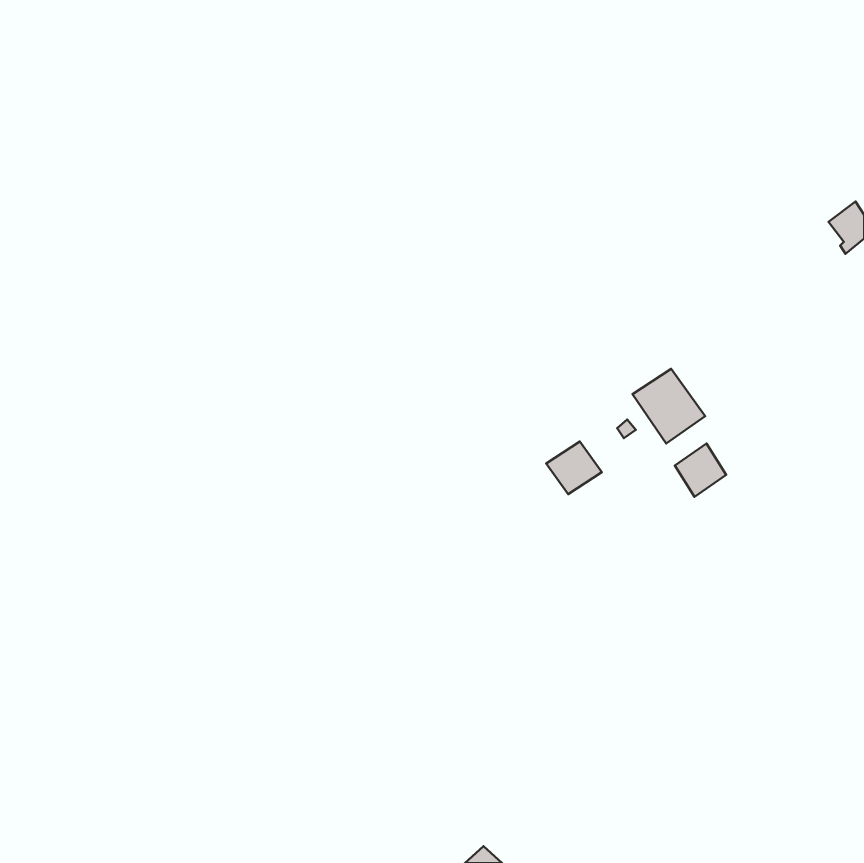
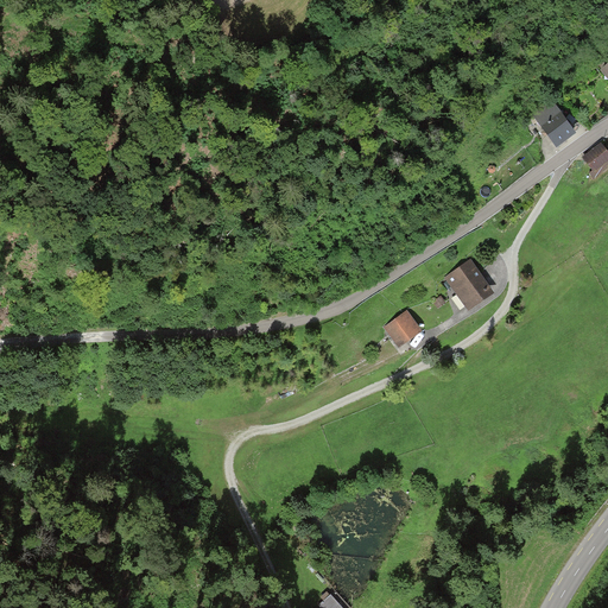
building: none -> [530,96,577,147]
building: [675,443,726,497] -> none

